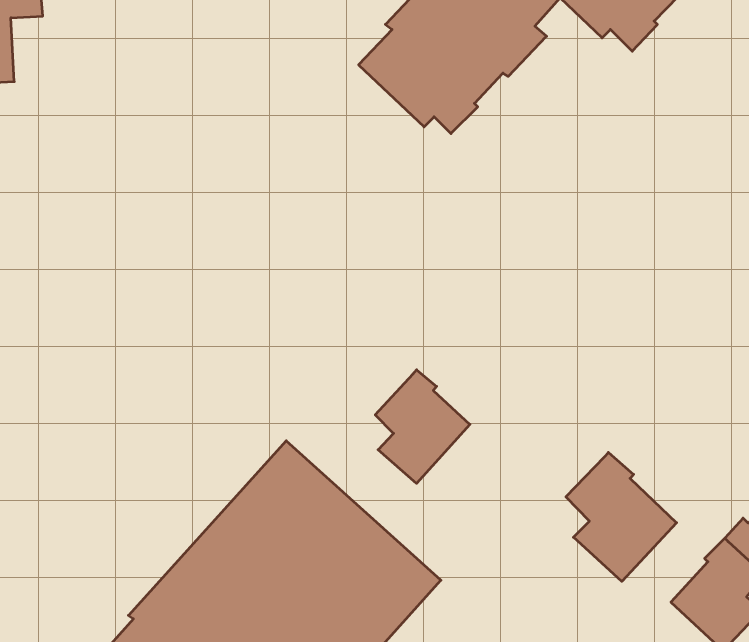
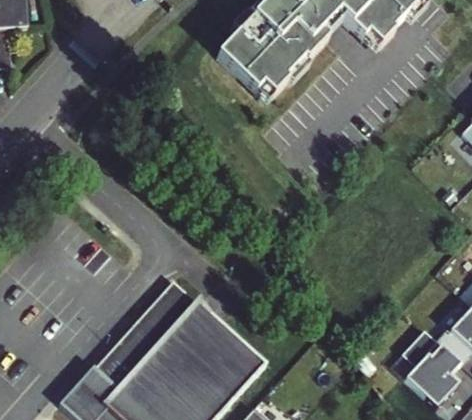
building: [375,370,470,483] -> none
building: [566,452,677,581] -> none

